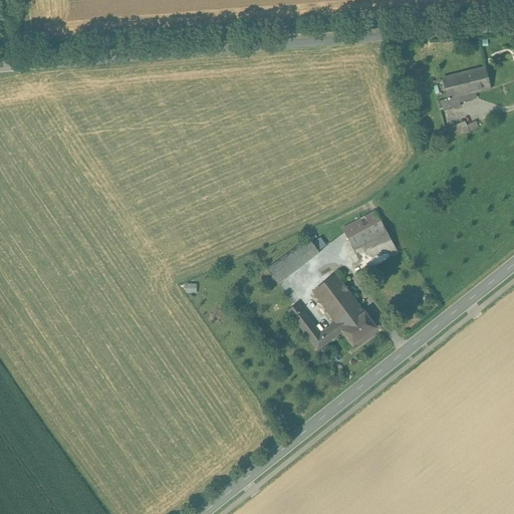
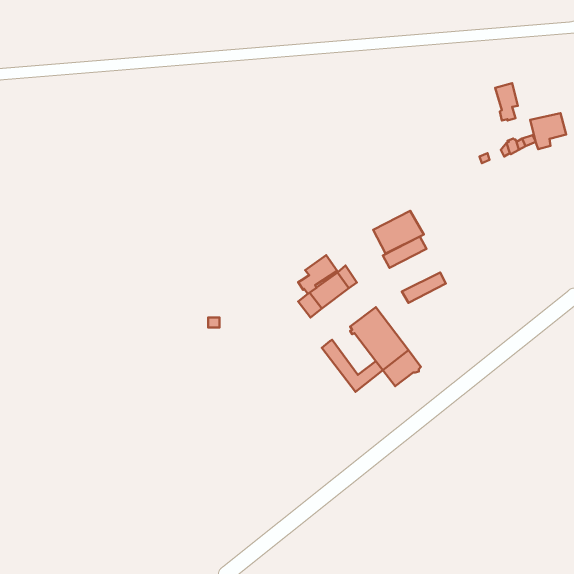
building: [457,68,489,100] -> [530,113,566,149]
building: [347,222,393,260] -> [373,211,424,253]
building: none -> [298,255,337,294]

